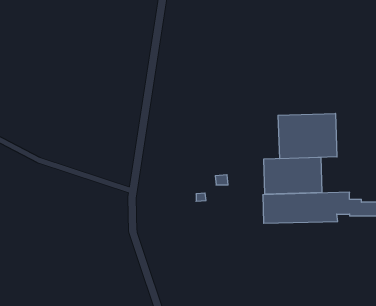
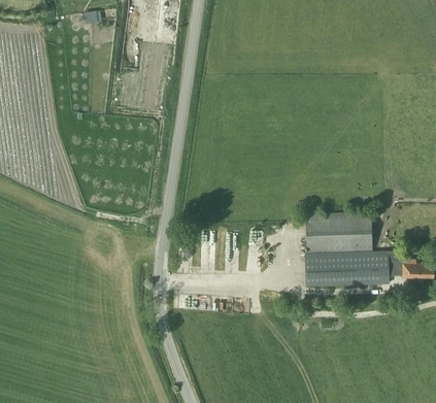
building: [278,113,337,159] -> none

